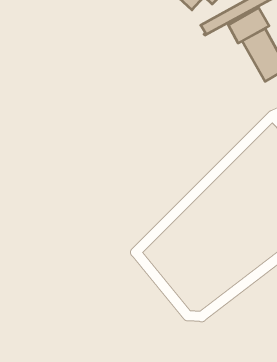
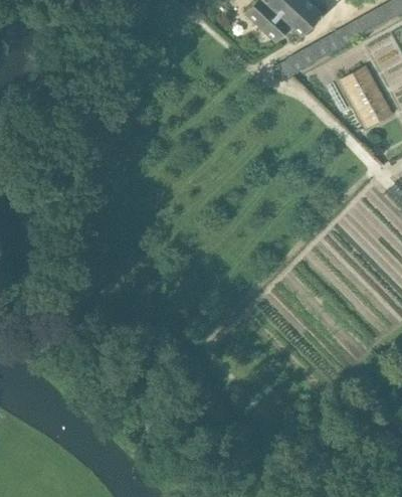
building: [228,8,269,43] -> none

